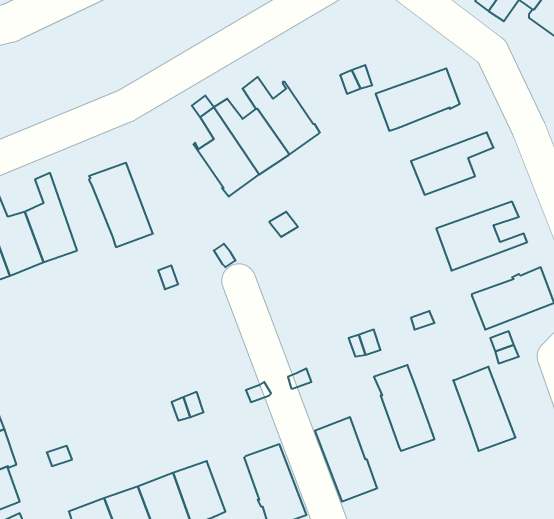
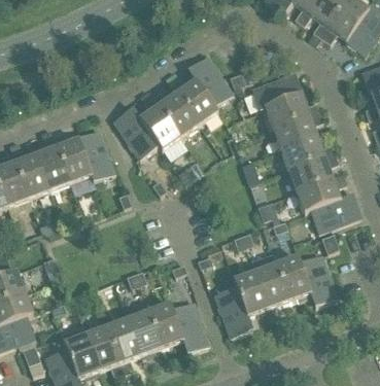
building: none -> [188,57,234,107]
building: none -> [267,97,320,130]
building: none -> [114,107,160,159]
building: none -> [54,134,92,184]
building: none -> [282,139,336,171]
building: none -> [299,179,347,214]
building: none -> [276,257,310,296]
building: none -> [234,273,268,315]
building: none -> [149,305,181,344]

